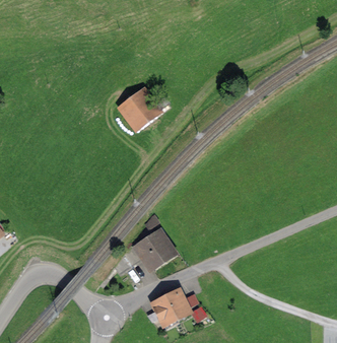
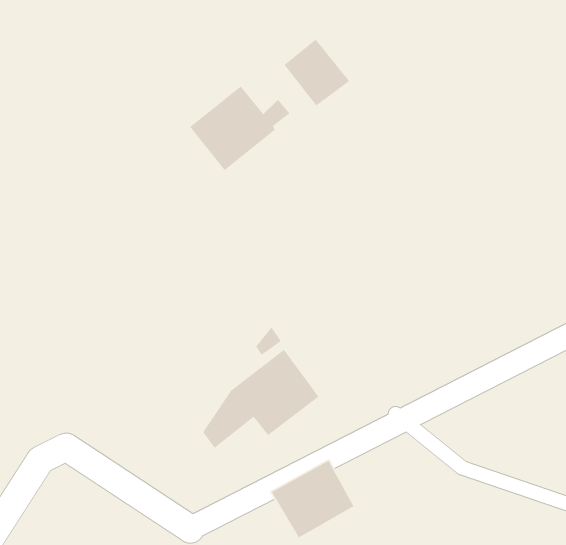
building: none -> [283,39,350,107]

